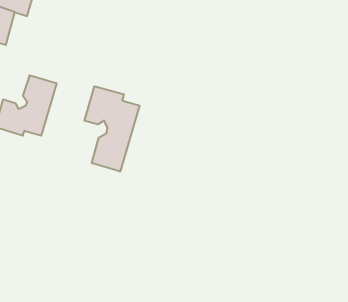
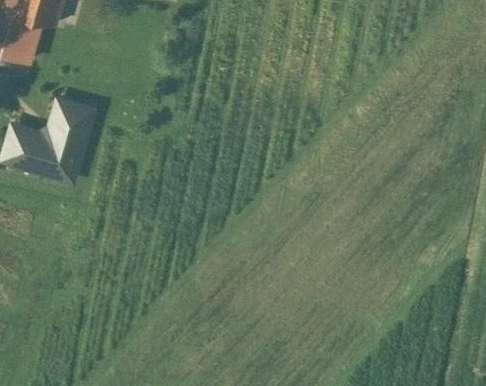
building: [84,86,140,172] -> none

